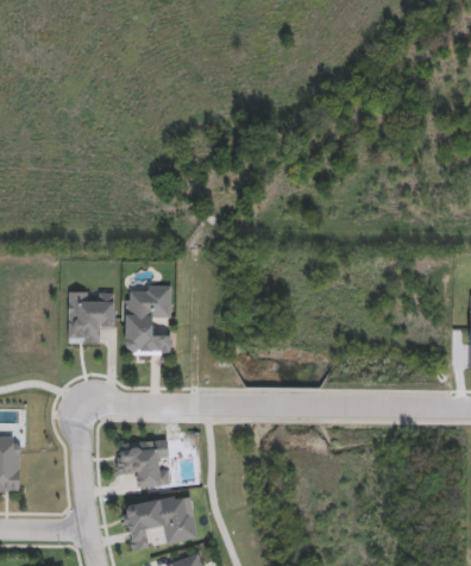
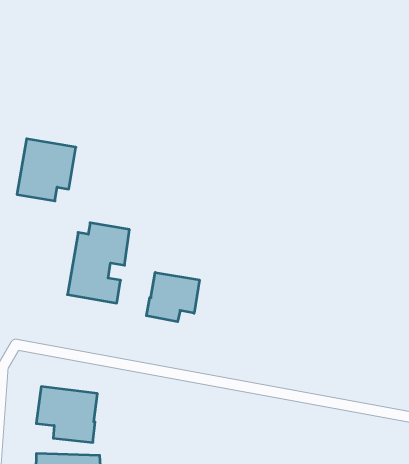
building: [68,291,114,344] -> [17,139,76,201]
building: none -> [146,272,199,322]

